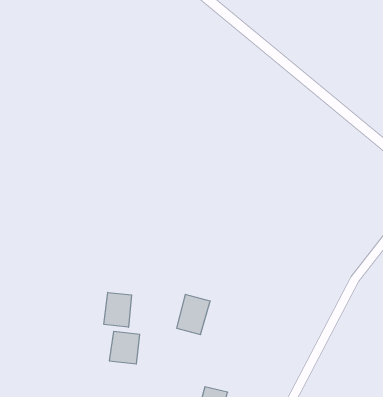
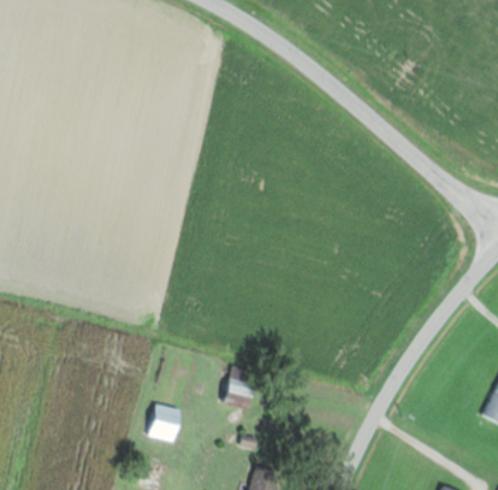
building: [104,292,131,327] -> none

